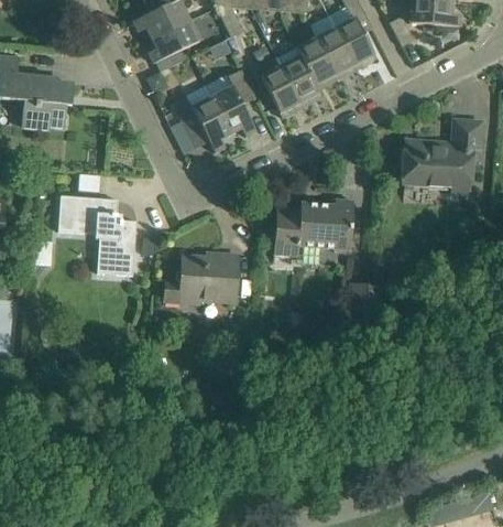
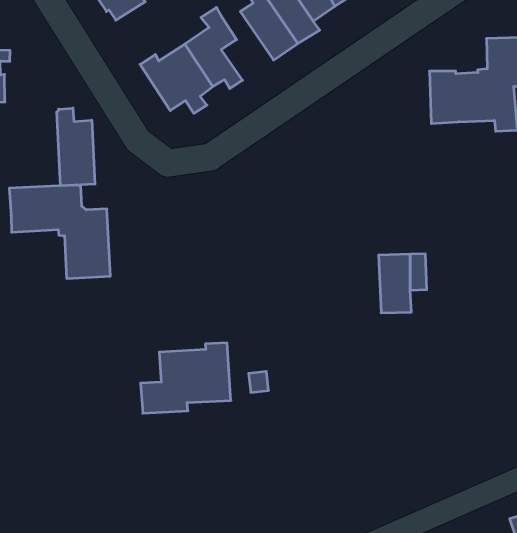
building: none -> [57,108,95,186]
building: [274,197,354,254] -> none
building: [164,252,238,304] -> [141,343,231,413]

